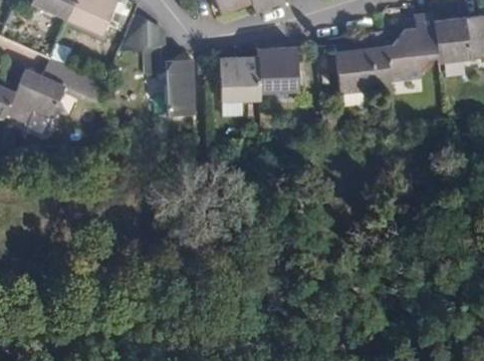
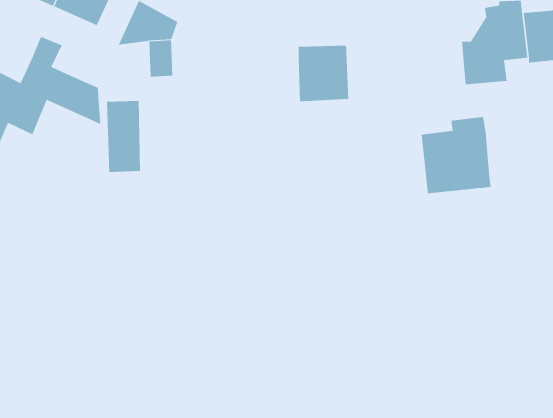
building: [335,32,391,92] -> [421,116,492,194]
building: [220,57,261,103] -> none
building: [167,59,194,115] -> [106,100,141,172]

